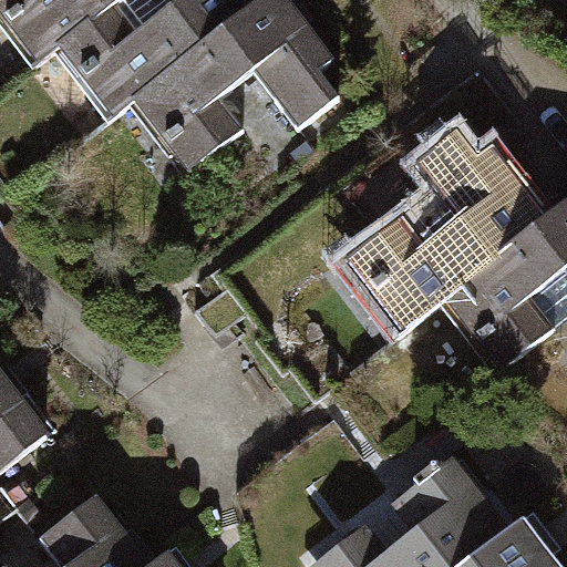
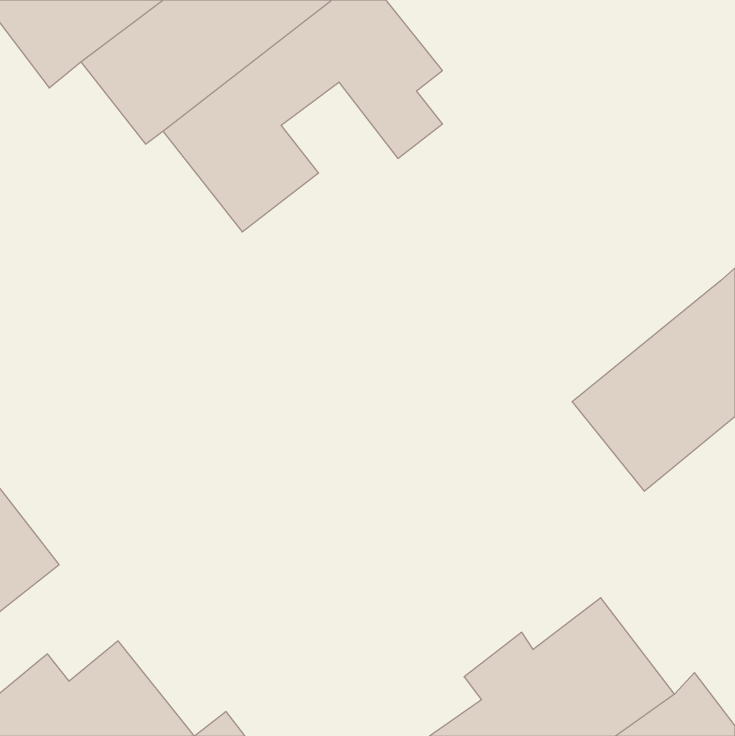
building: [337,124,554,342] -> none

